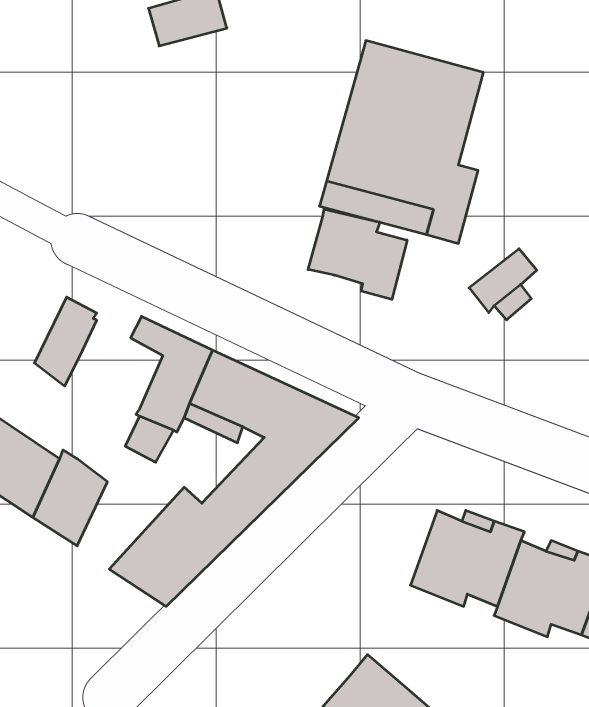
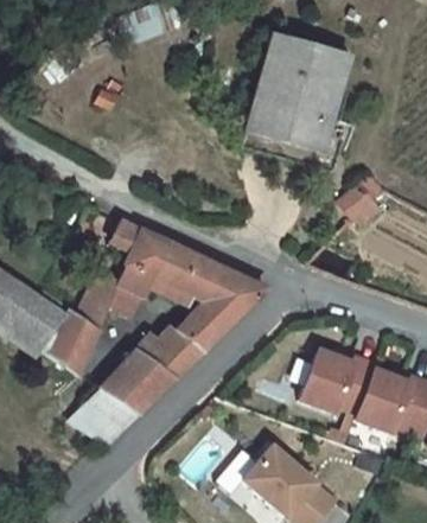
building: [308,209,407,299] -> none
building: [34,297,97,386] -> [79,270,121,330]
building: none -> [72,388,139,444]

